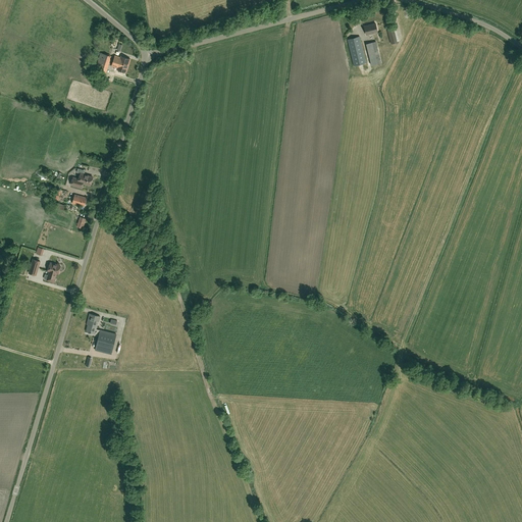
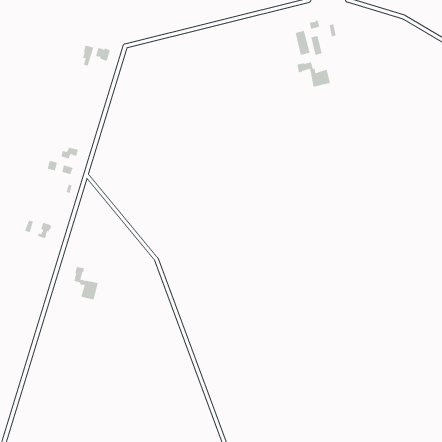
building: none -> [297,62,330,88]

